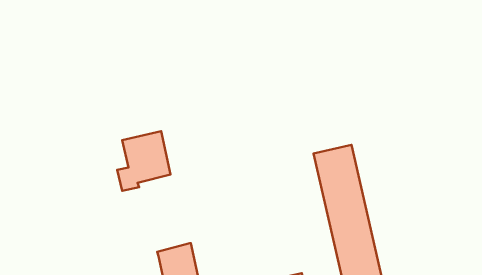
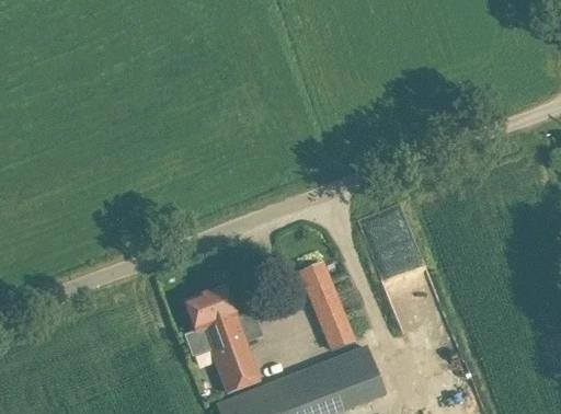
building: [117,131,170,191] -> [183,287,241,357]
building: none -> [301,261,350,343]

